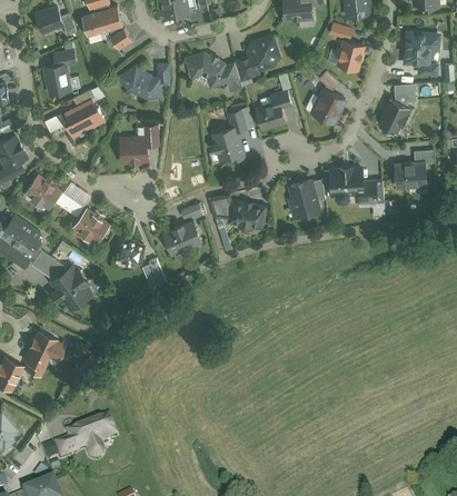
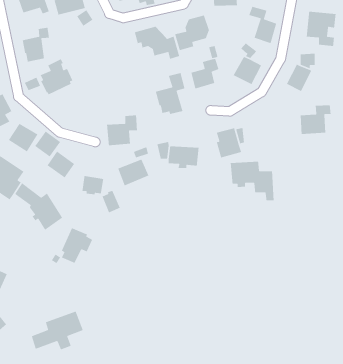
building: [117,62,169,98] -> none
building: [118,125,158,165] -> [106,115,138,146]
building: [327,166,384,217] -> [230,161,275,201]
building: [22,329,63,376] -> [61,227,93,264]

